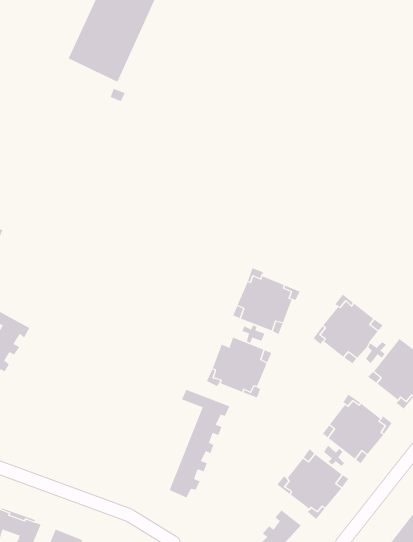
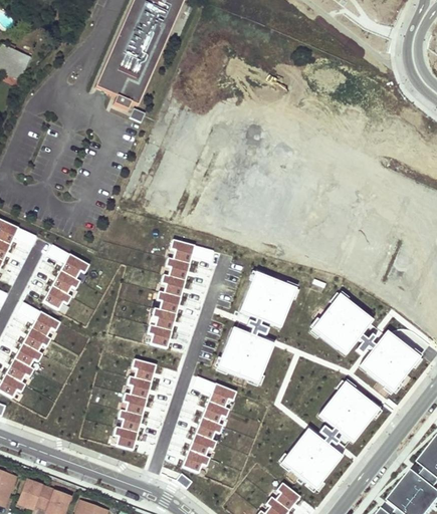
building: none -> [148,240,213,348]
building: none -> [43,244,89,310]
building: none -> [114,359,156,450]

